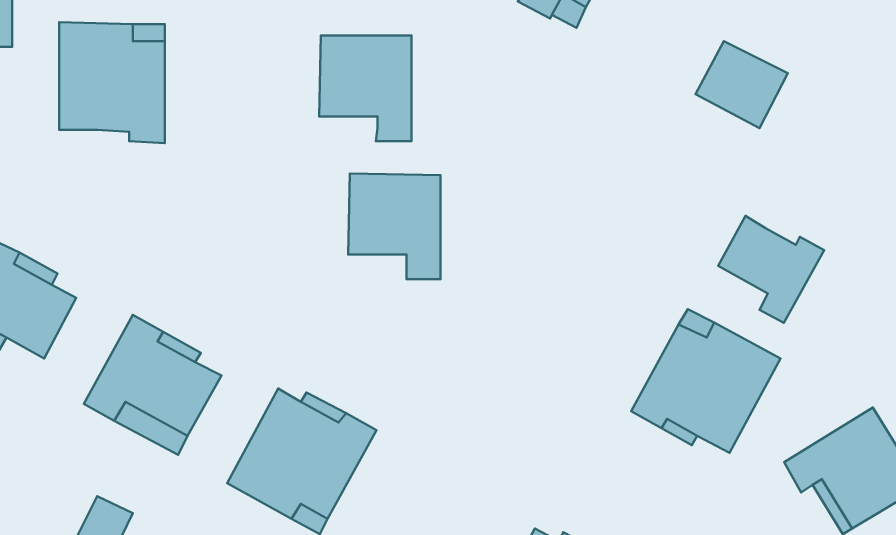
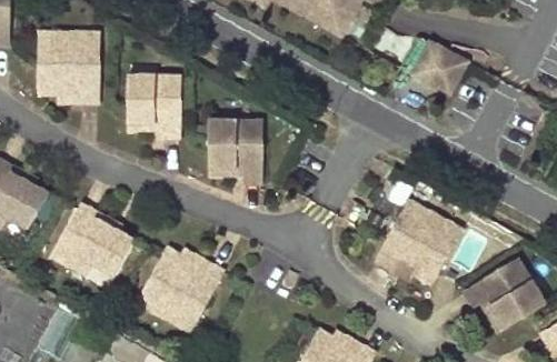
building: [319,35,412,141] -> [126,74,180,137]
building: [718,216,824,323] -> none

